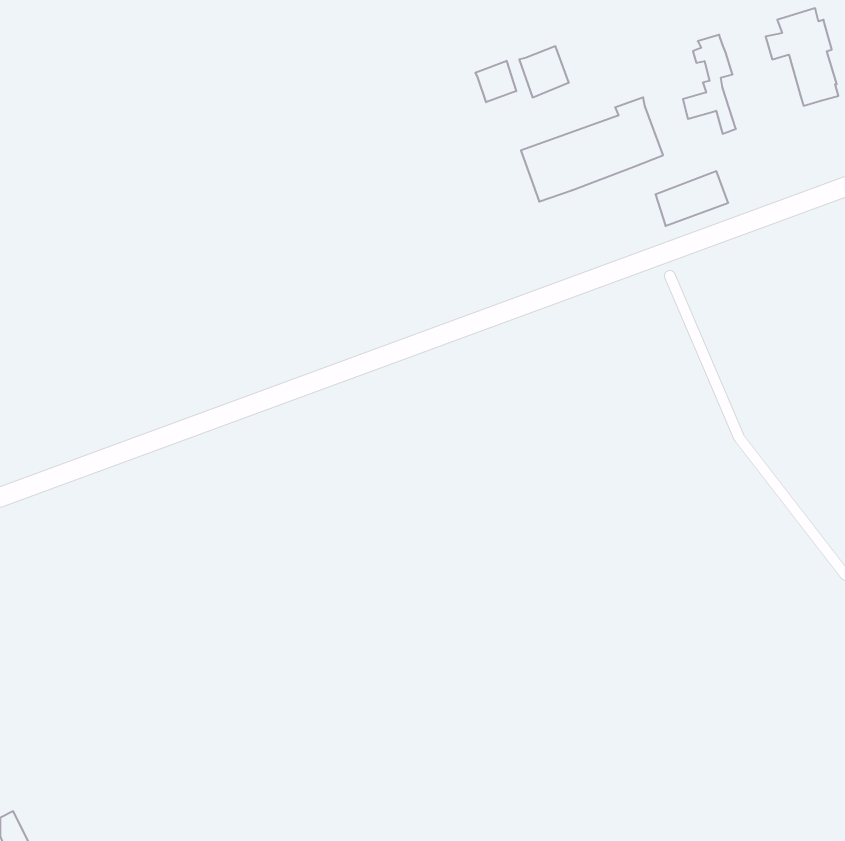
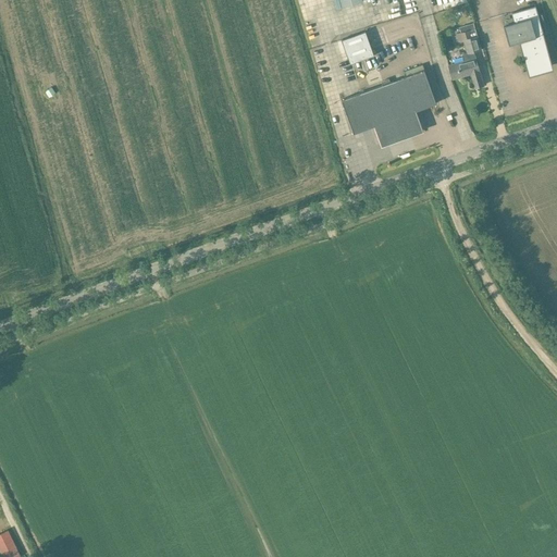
building: [475,61,516,102] -> none
building: [655,171,728,226] -> [376,112,424,148]

